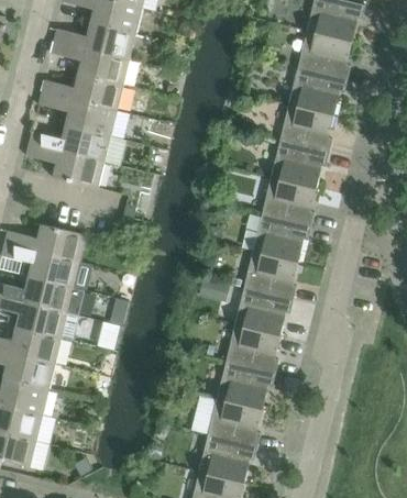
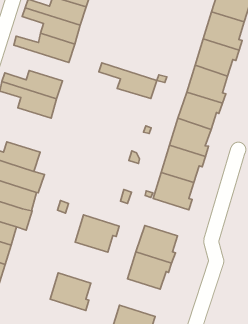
building: [37,92,117,136] -> [99,63,157,99]
building: [234,288,293,336] -> [75,215,119,252]
building: [207,399,261,447] -> [50,273,91,310]

